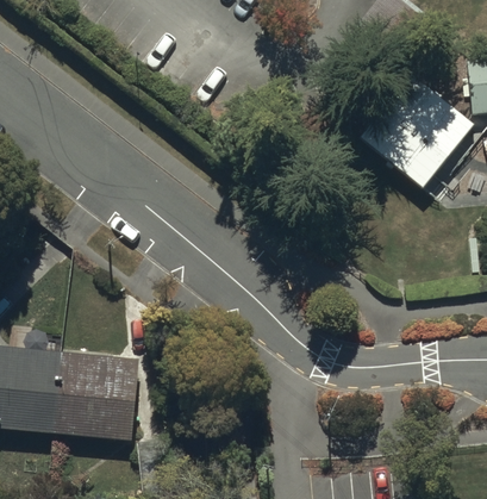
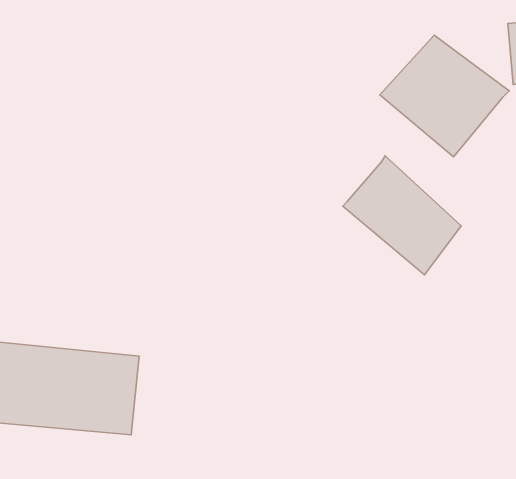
building: none -> [343,156,461,275]

